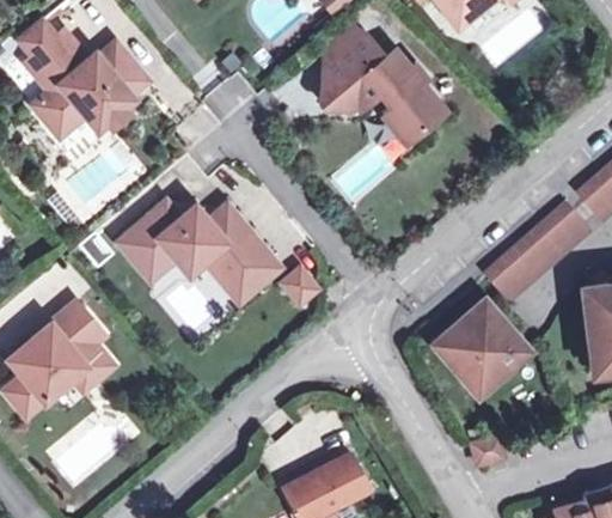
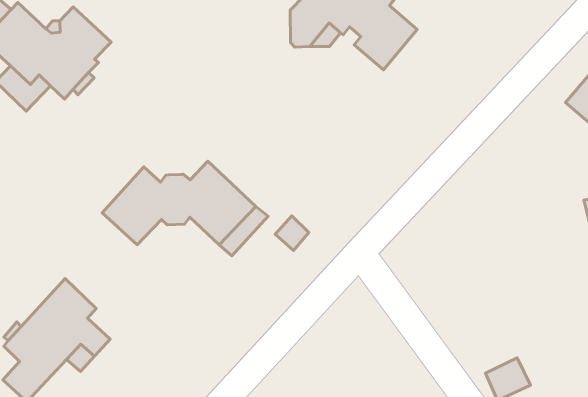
building: [484,202,588,300] -> none
building: [434,299,526,386] -> none

